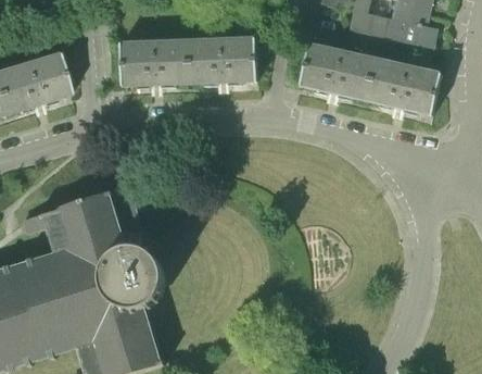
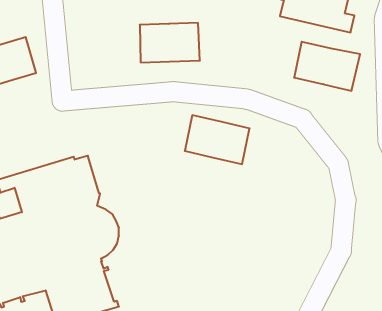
building: [120,39,190,86] -> none
building: [301,43,376,100] -> [185,115,250,164]

